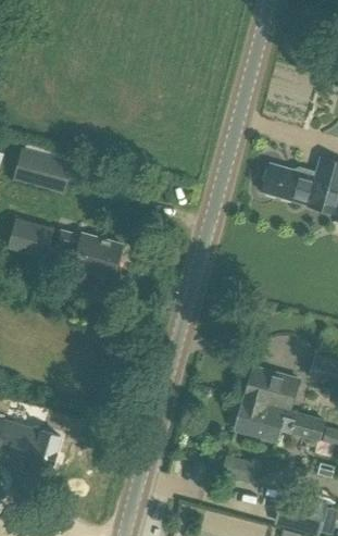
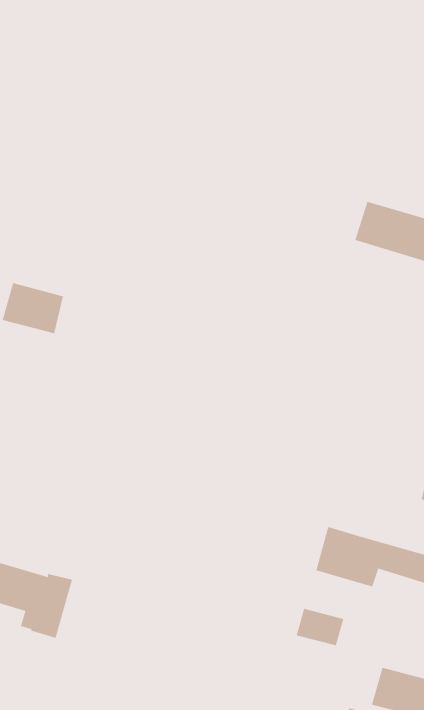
building: [13,151,72,194] -> none
building: [54,228,123,277] -> none
building: [243,370,298,409] -> none

